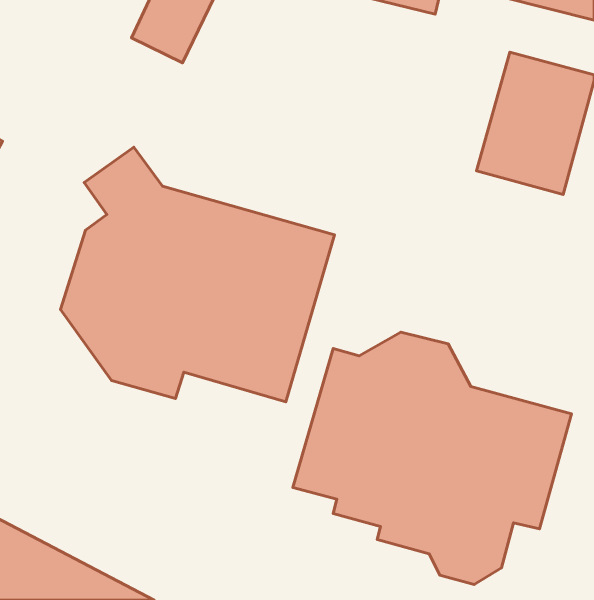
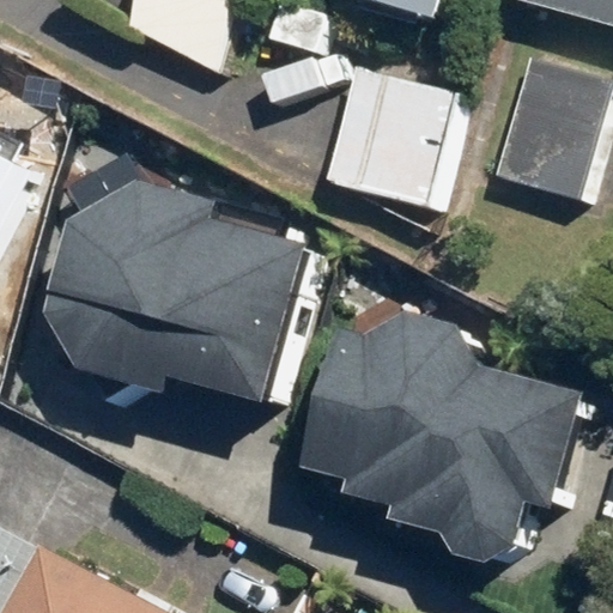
building: none -> [321,61,454,204]

